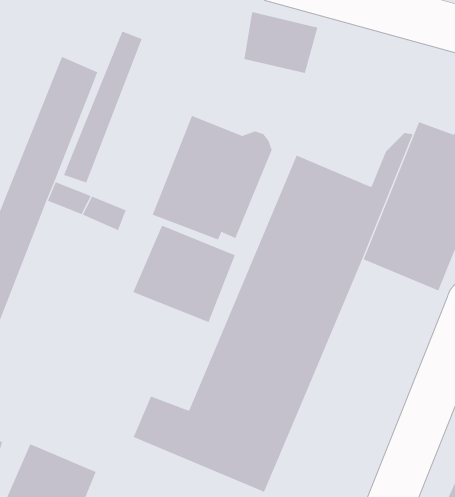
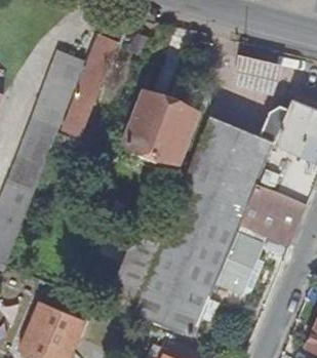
building: [244,12,318,73] -> [235,54,283,94]
building: [133,225,236,323] -> none
building: none -> [215,184,305,290]

